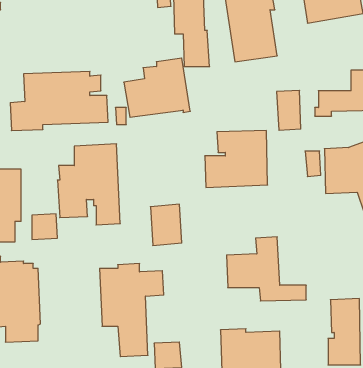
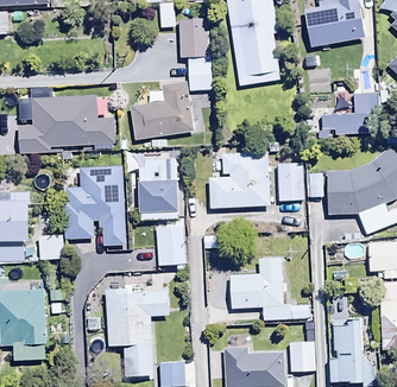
building: [277,90,301,130] -> [277,161,301,201]
building: none -> [139,158,183,220]
building: none -> [290,342,315,370]

